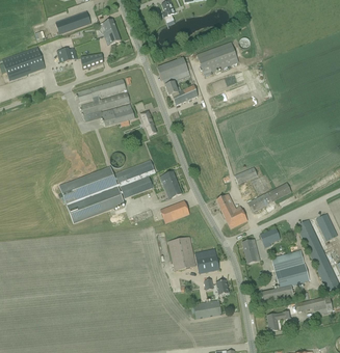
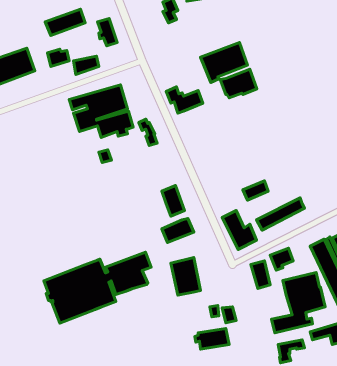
building: [156,58,189,84] -> [220,69,257,98]
building: [58,160,156,224] -> [44,252,151,323]
building: [194,249,218,274] -> none

